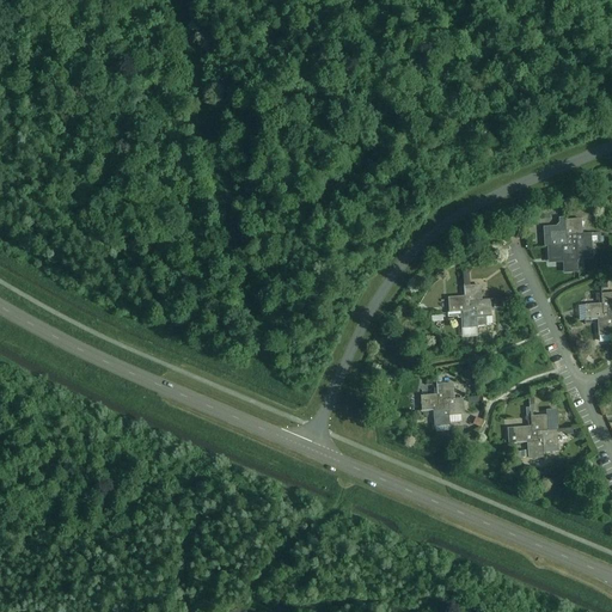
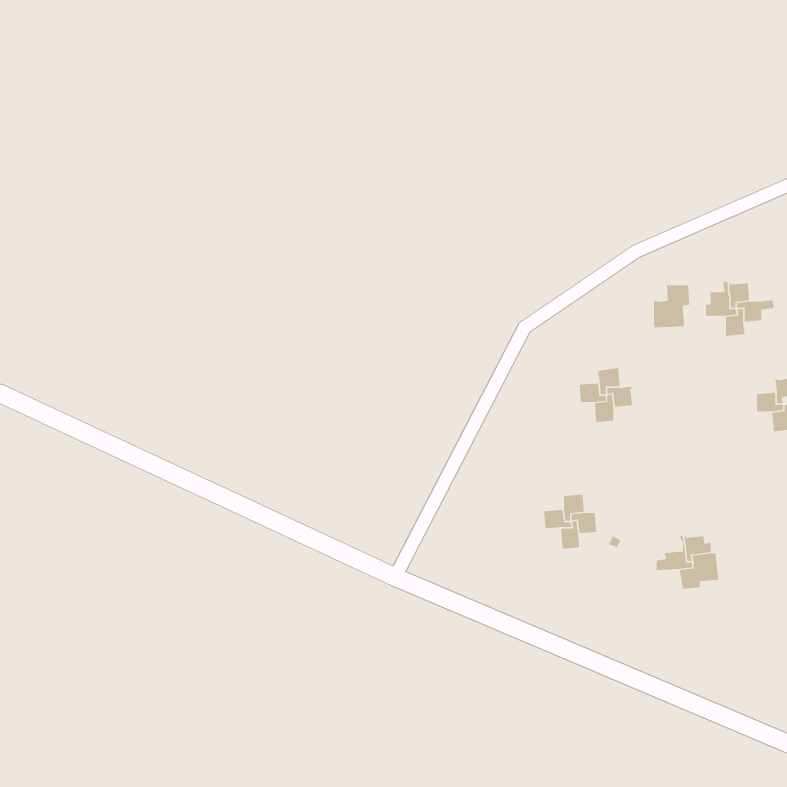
building: none -> [653,285,690,328]

